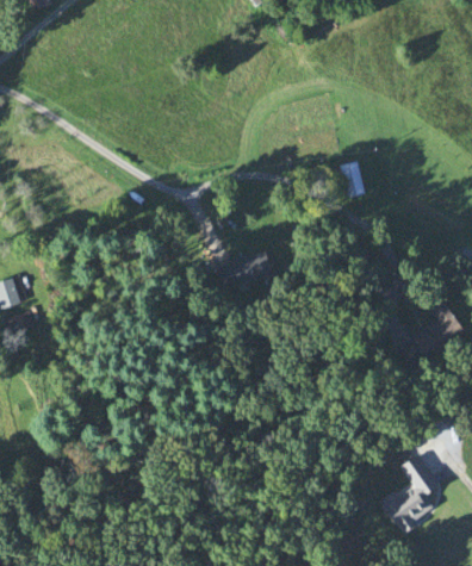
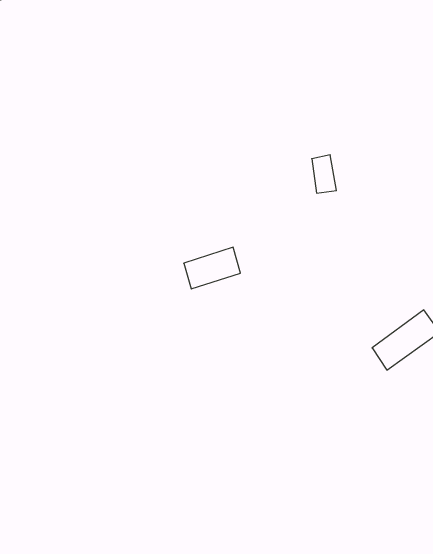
building: [380,454,436,529] -> none

